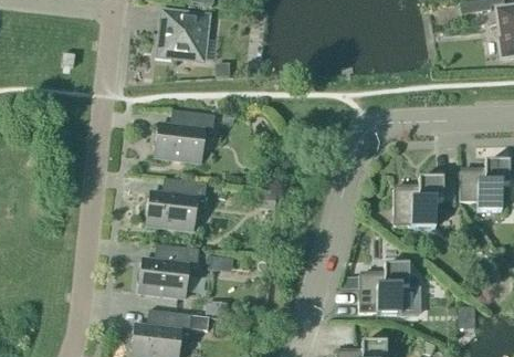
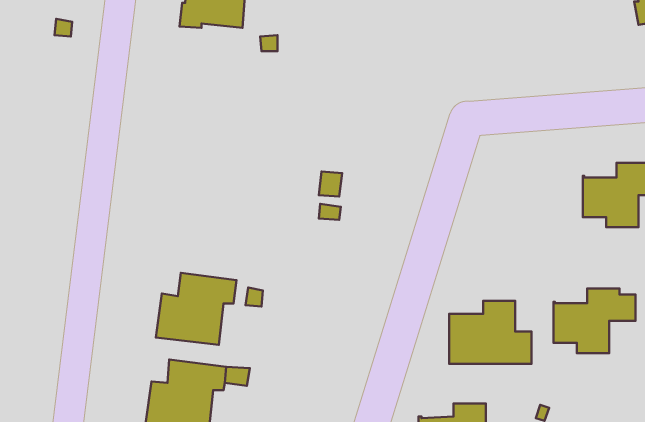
building: [155,109,216,161] -> none
building: [394,177,455,225] -> [553,289,636,353]
building: [146,178,207,230] -> none

